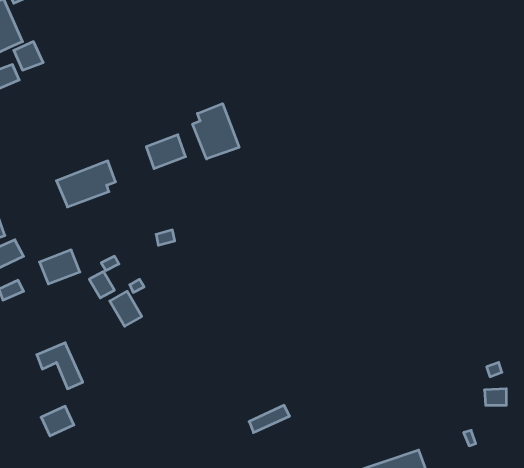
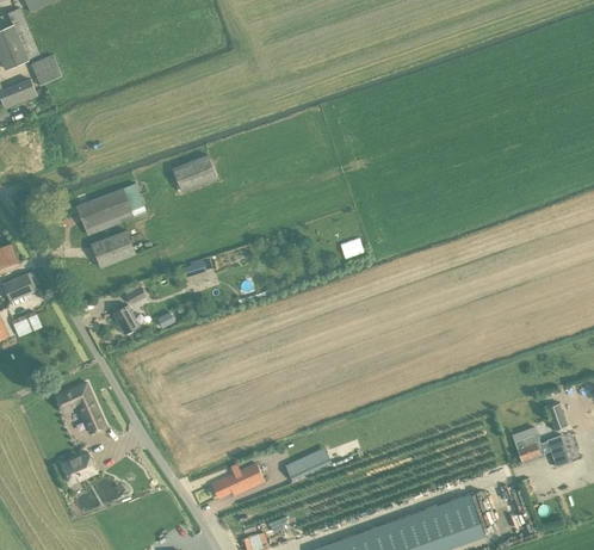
building: [193,104,239,159] -> none
building: [39,250,80,284] -> [89,228,134,265]
building: [110,291,142,326] -> none
building: none -> [513,433,543,463]
building: none -> [210,462,262,498]

